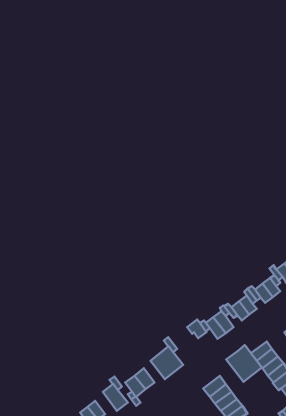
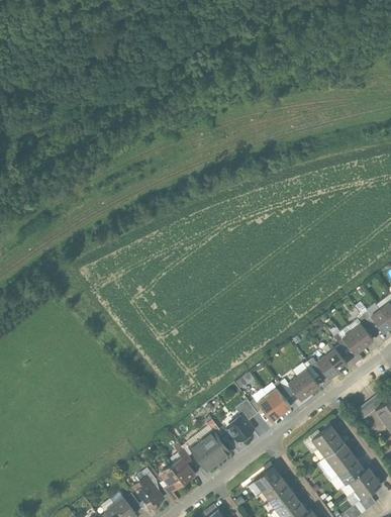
building: none -> [229,414,253,441]
building: [226,345,262,382] -> none

